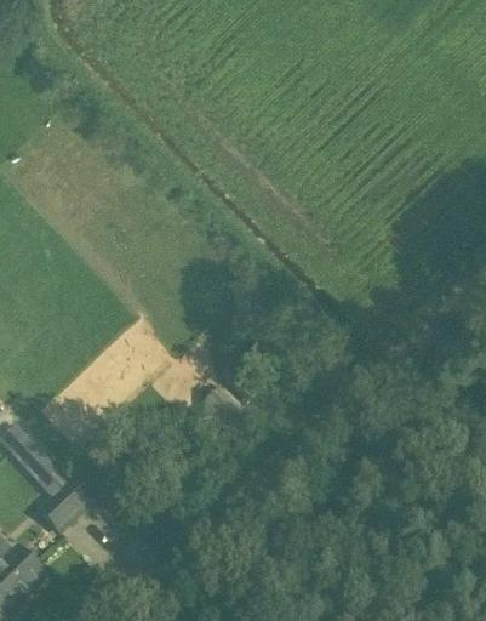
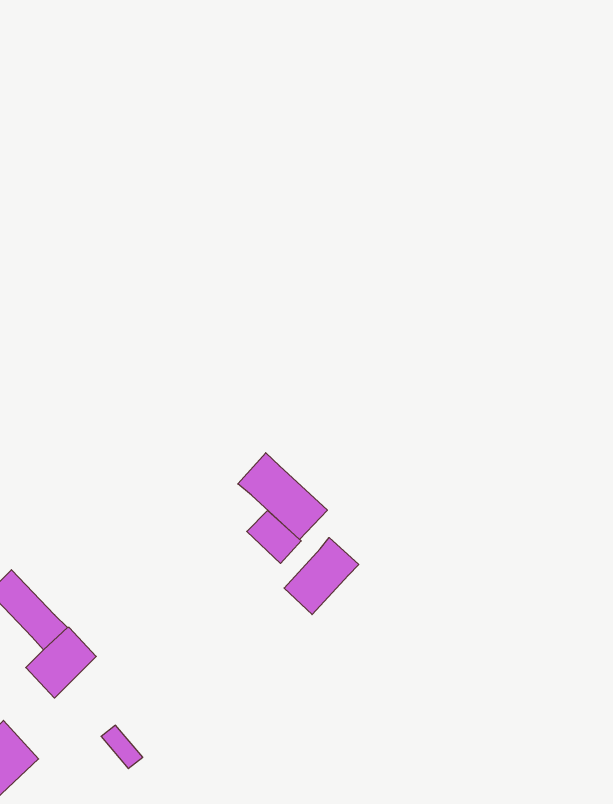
building: none -> [238,453,327,539]
building: none -> [284,538,359,615]

